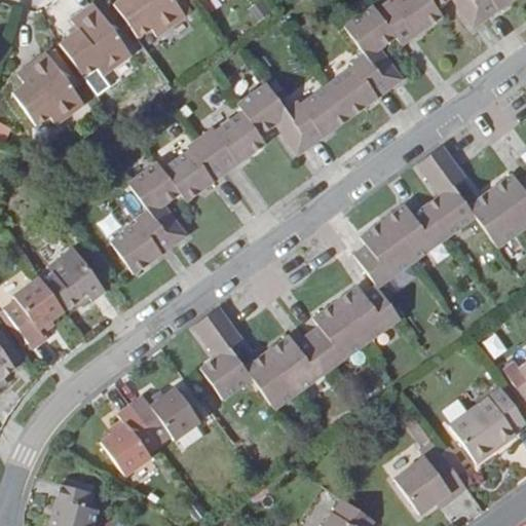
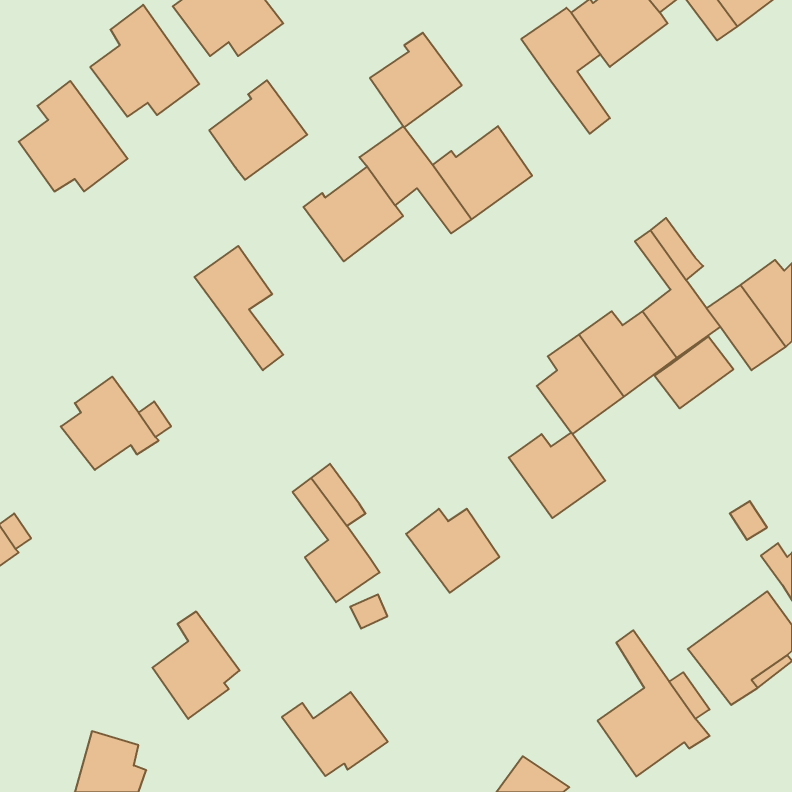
building: [329,53,389,116] -> [370,33,462,128]
building: [162,137,227,202] -> [209,80,307,180]
building: [111,211,174,273] -> none
building: none -> [654,337,733,408]
building: [4,277,63,347] -> none
building: [308,302,365,368] -> none
building: [245,352,297,409] -> none
building: [129,387,199,443] -> [282,692,388,776]

